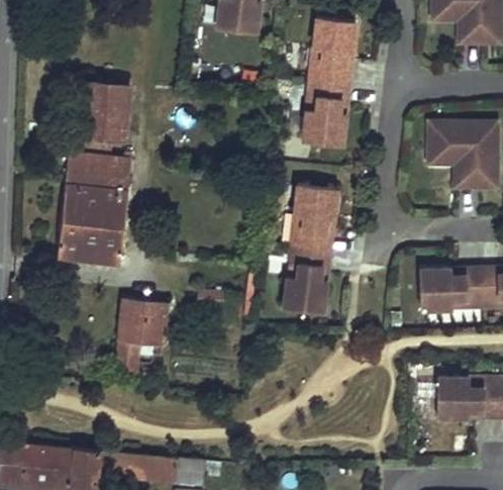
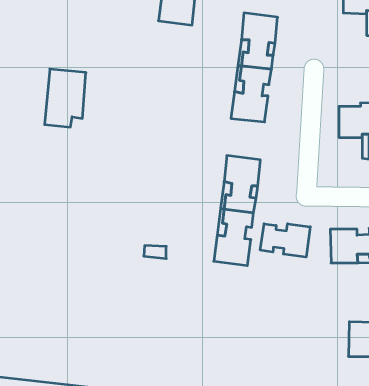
building: [59,152,133,263] -> none
building: none -> [260,224,310,257]
building: [118,301,169,373] -> none

